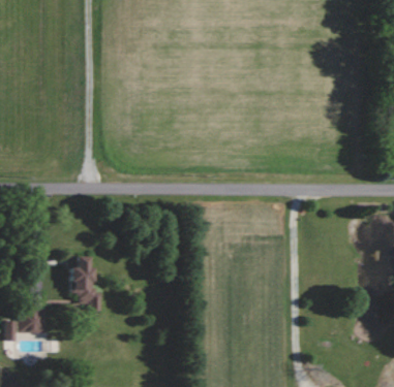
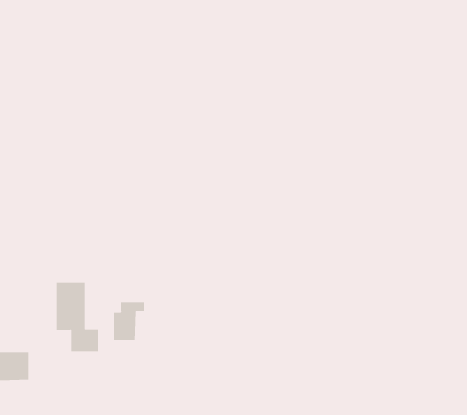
building: none -> [113,302,145,341]

